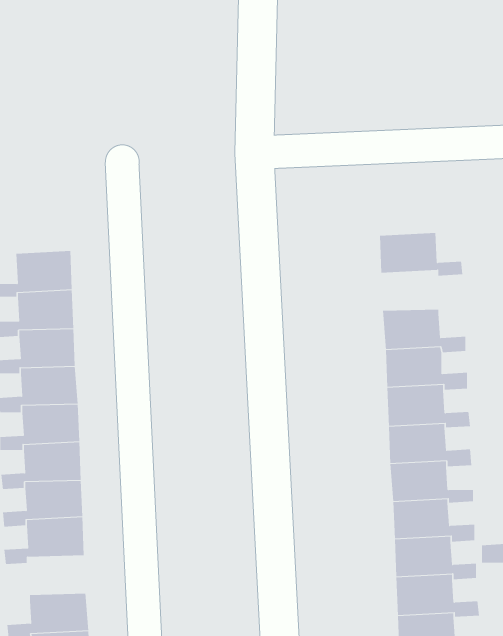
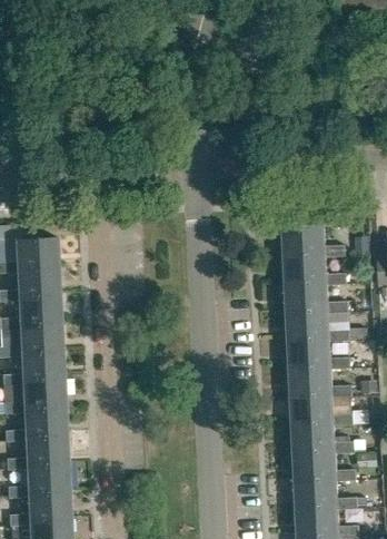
building: none -> [285,252,347,284]
building: none -> [8,463,67,498]

